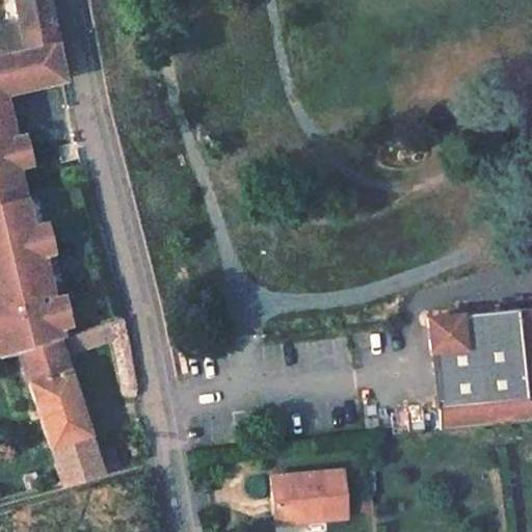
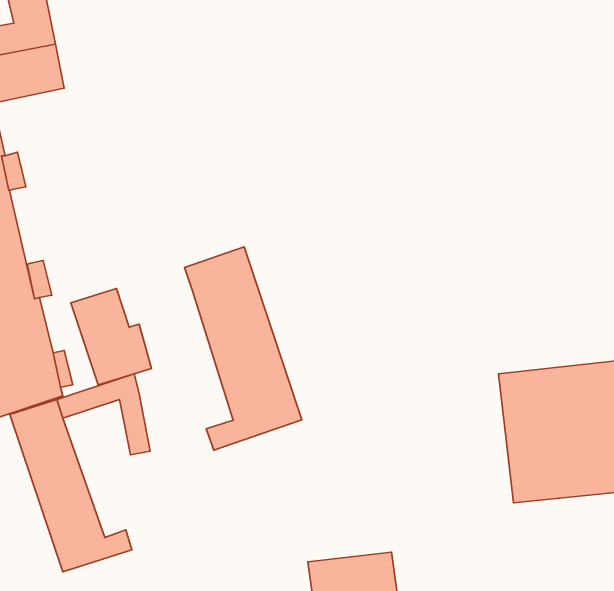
building: none -> [185,247,302,450]
building: none -> [71,288,151,385]

